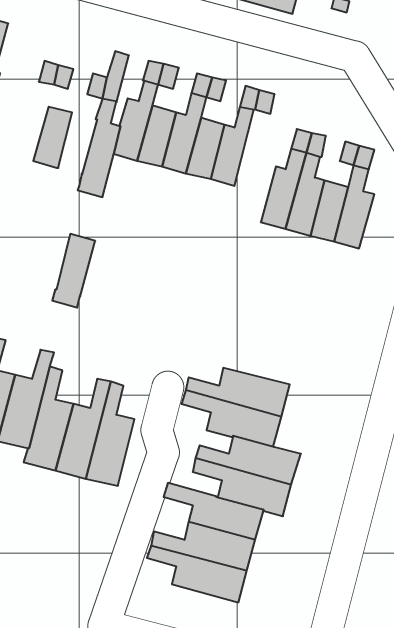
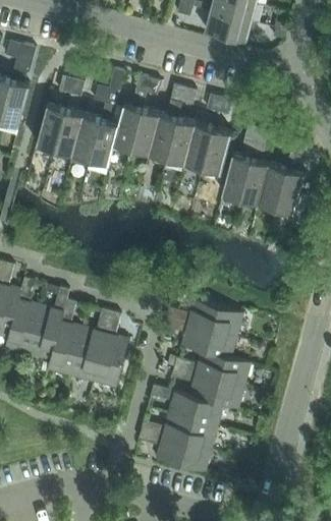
building: none -> [37,105,66,150]
building: none -> [203,128,232,173]
building: [52,234,95,308] -> [70,114,102,168]

